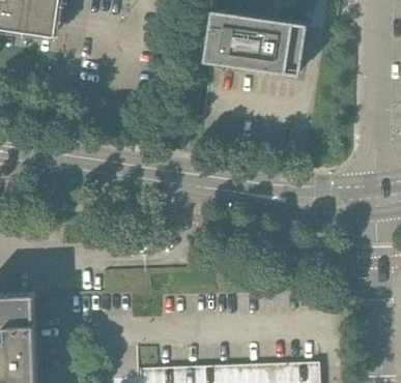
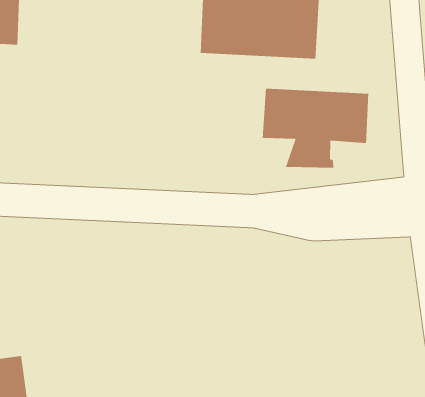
building: none -> [262,88,369,169]

